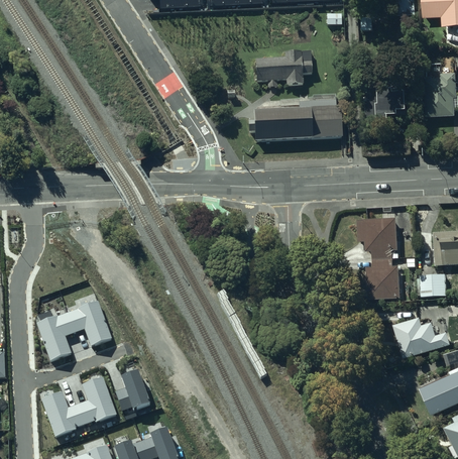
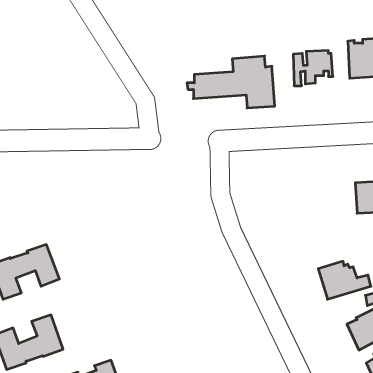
building: [254,54,311,89] -> none
building: [358,218,400,299] -> none
building: [421,273,447,296] -> none
building: [114,368,149,410] -> none

